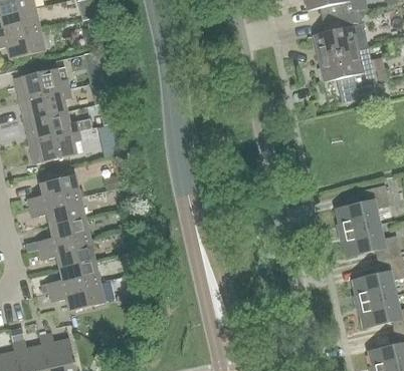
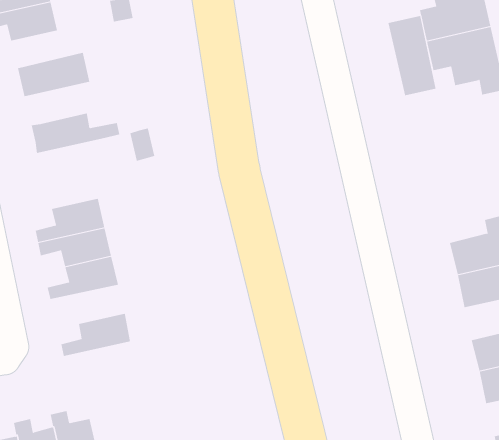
building: none -> [388,15,436,96]
building: [19,88,70,120] -> none
building: [28,130,80,163] -> none
building: [38,239,94,268] -> none
building: [48,281,104,310] -> none

